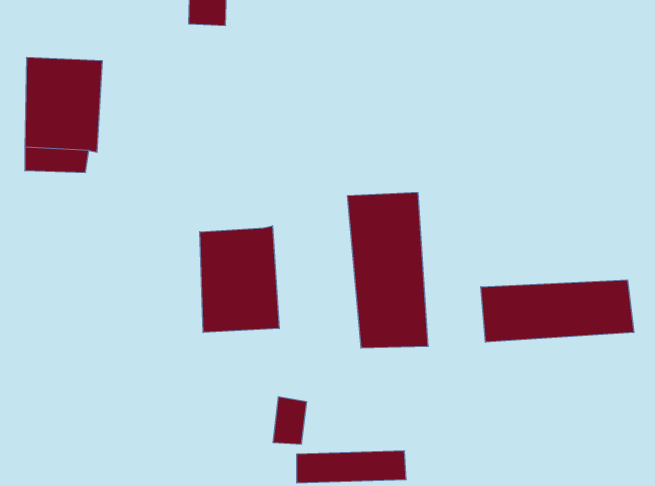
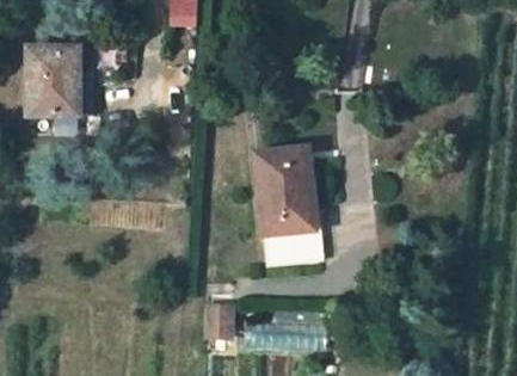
building: [200,226,279,333] -> none
building: [481,280,634,342] -> none

